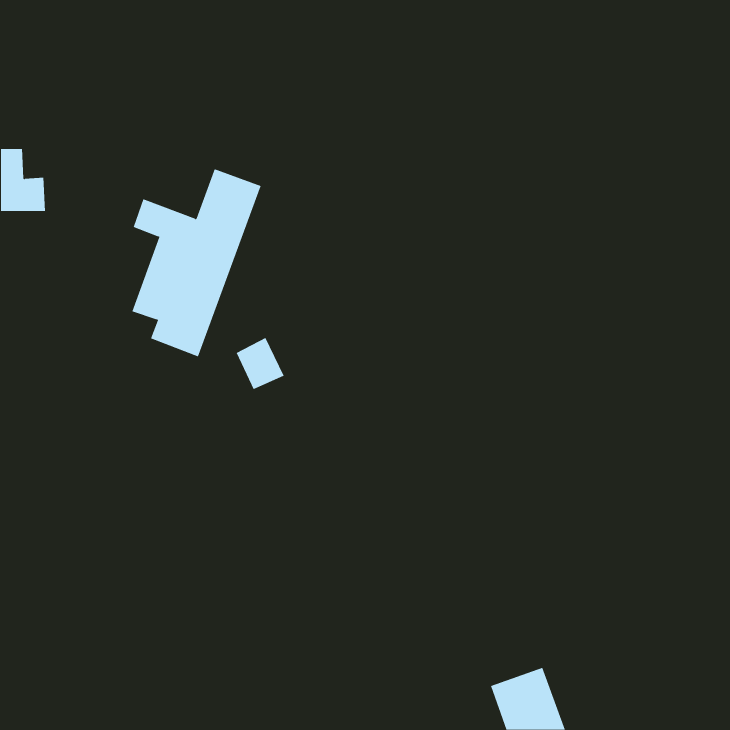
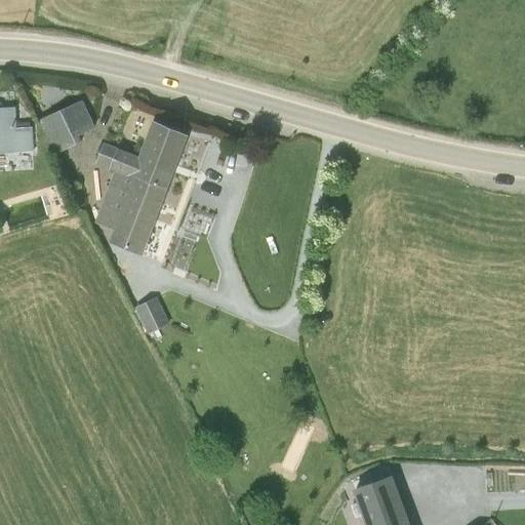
building: none -> [40,100,95,154]
building: [236,337,285,390] -> [137,293,172,331]

